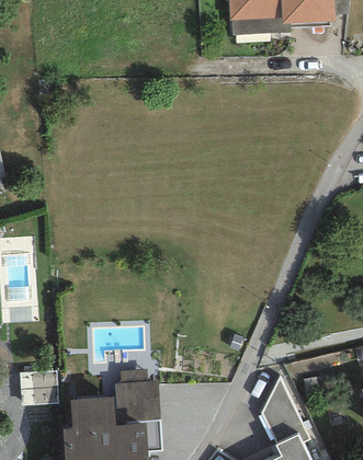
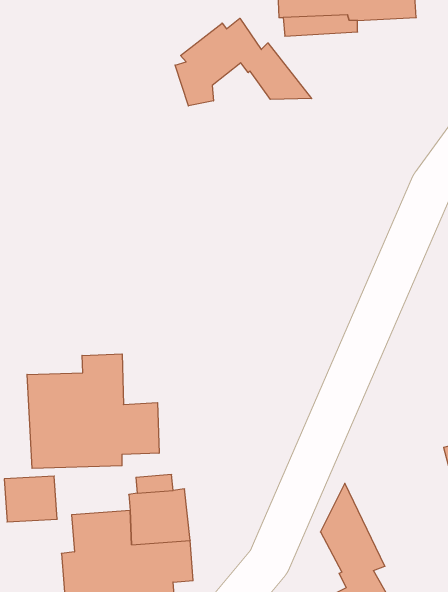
building: none -> [175,18,312,106]
building: none -> [27,354,159,468]

